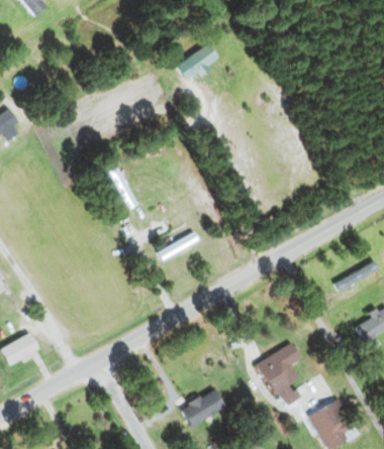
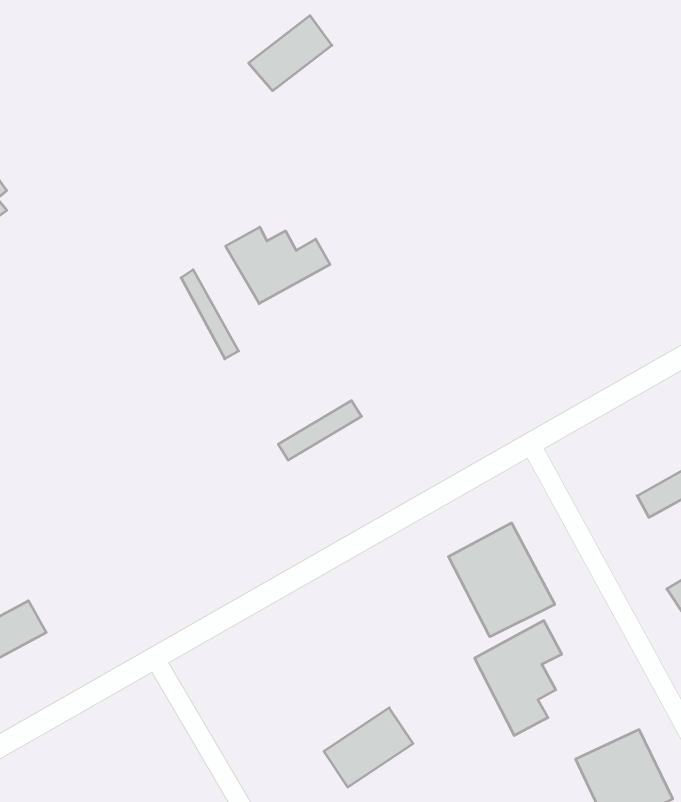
building: [177,44,219,83] -> [249,16,332,91]
building: none -> [226,227,330,304]
building: none -> [448,523,555,637]

